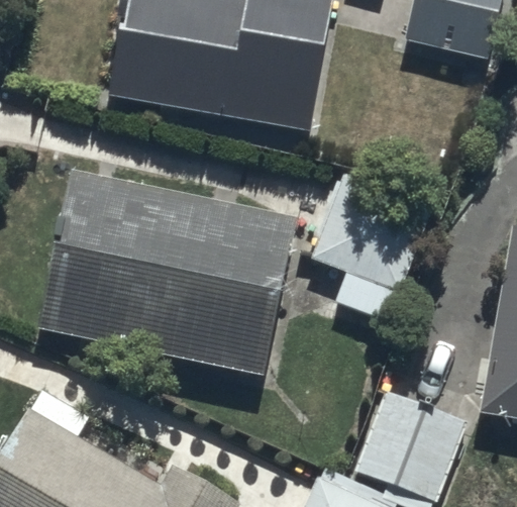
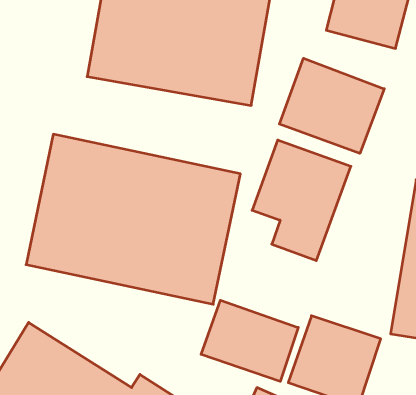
building: none -> [279,58,384,153]
building: none -> [201,300,298,381]

